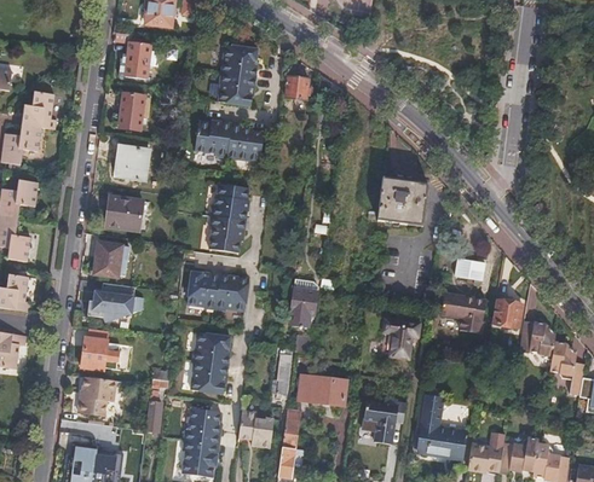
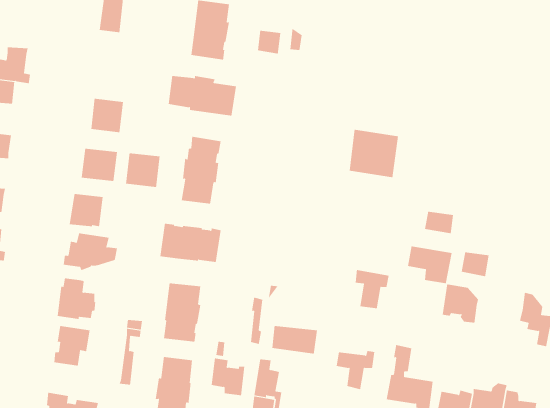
building: [119,92,146,129] -> none
building: none -> [126,152,160,188]
building: [289,291,318,329] -> none
building: [520,320,558,360] -> [442,284,479,323]

